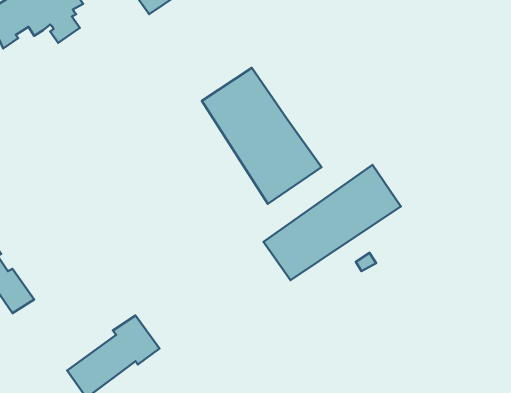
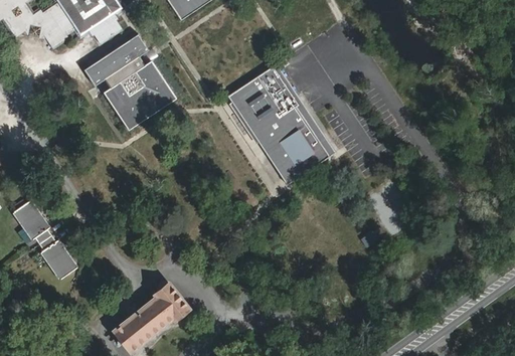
building: none -> [84,34,178,131]
building: [263,165,401,280] -> none

